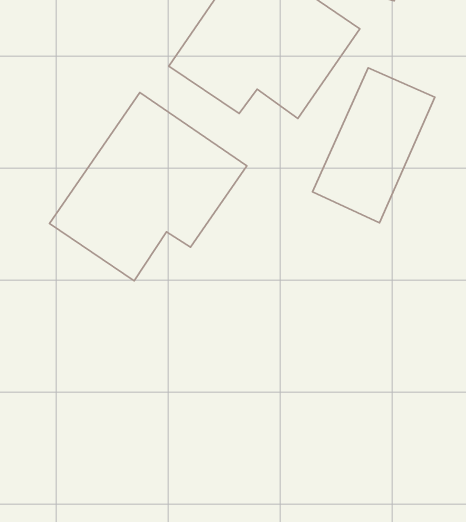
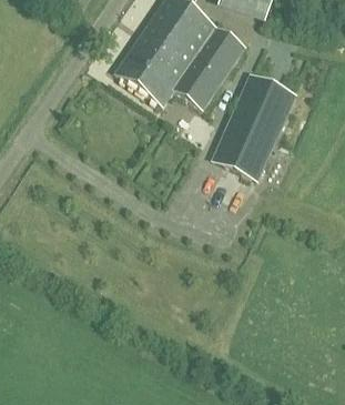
building: [49,92,247,281] -> none

